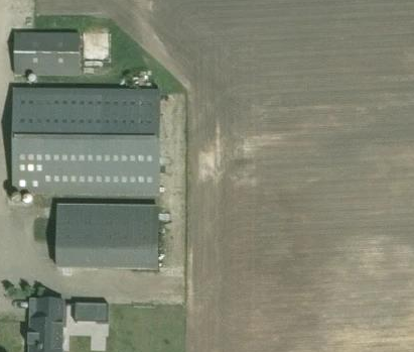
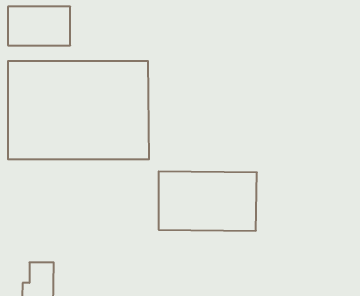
building: [55,204,157,265] -> [159,171,257,231]
building: [76,303,108,319] -> none

